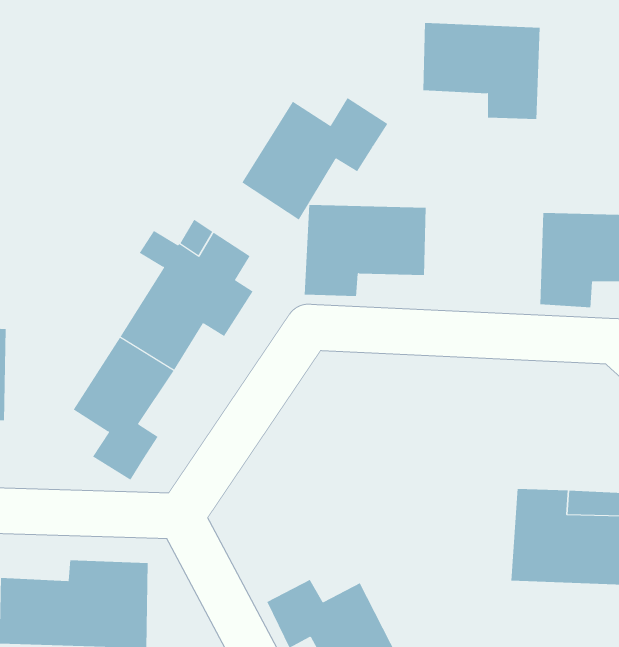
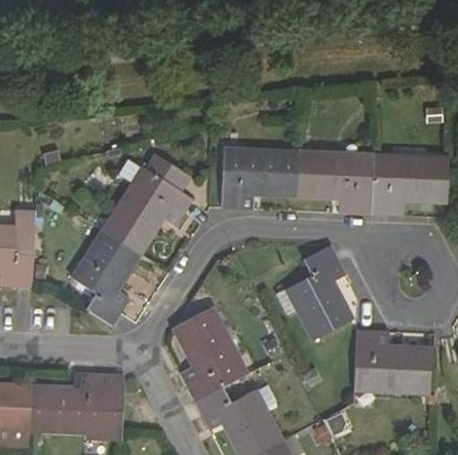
building: [423,23,540,120] -> [298,151,373,213]
building: [241,97,388,220] -> none
building: none -> [277,245,350,339]
building: none -> [176,307,247,402]

